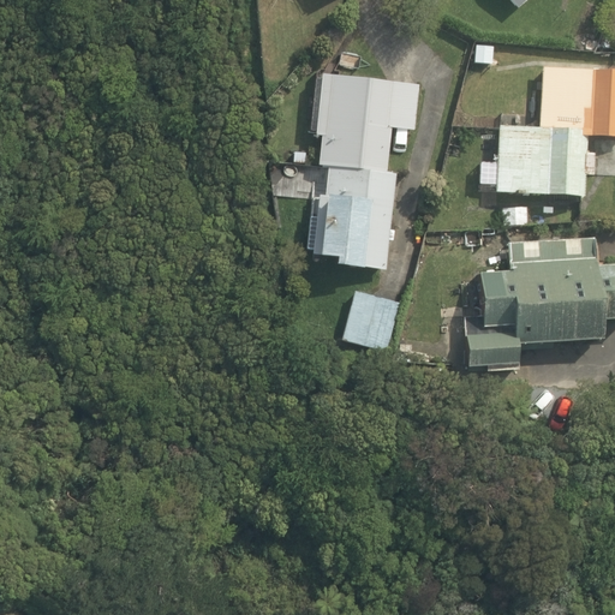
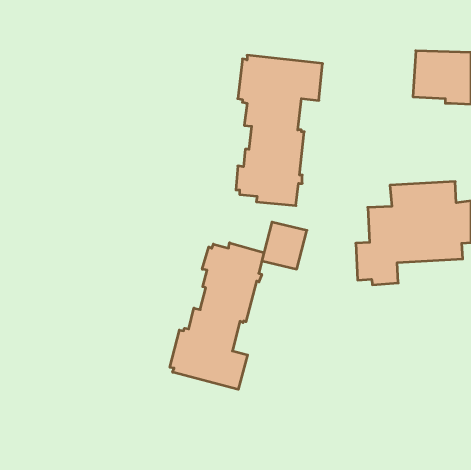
building: [496,124,595,195] -> none
building: none -> [170,243,264,389]

